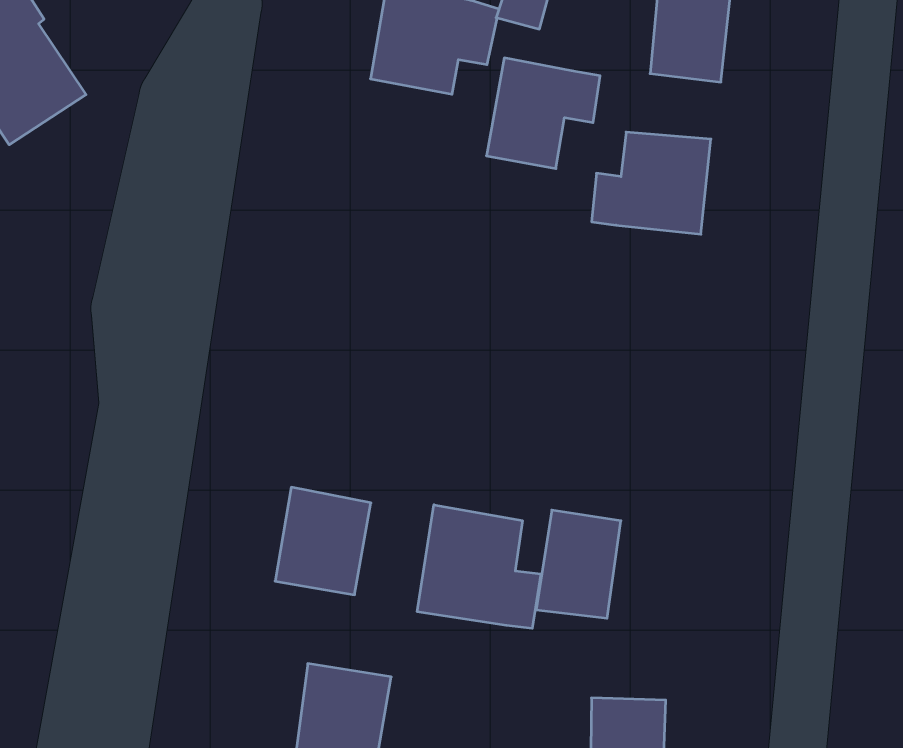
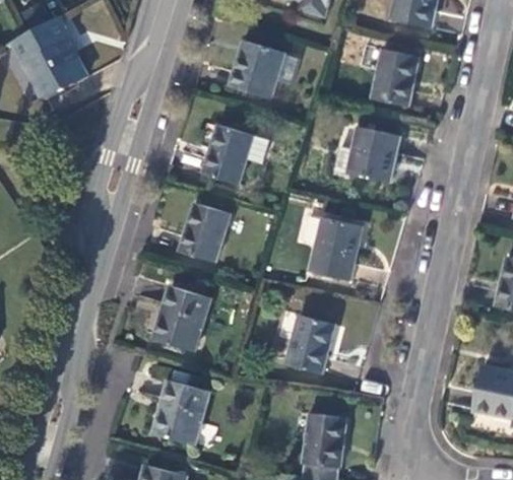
building: [486,58,600,169] -> [204,125,266,184]
building: none -> [312,216,362,279]
building: none -> [178,203,229,261]
building: [417,505,541,628] -> none

